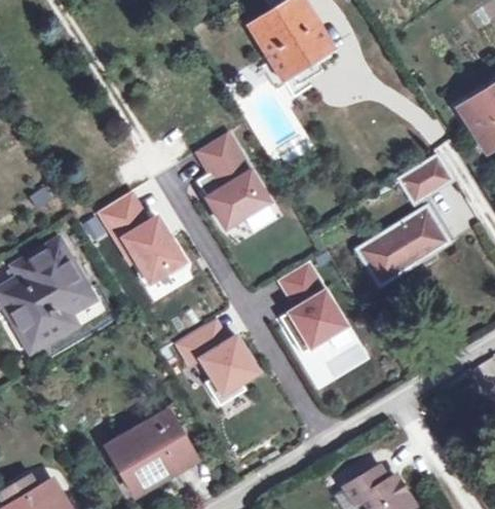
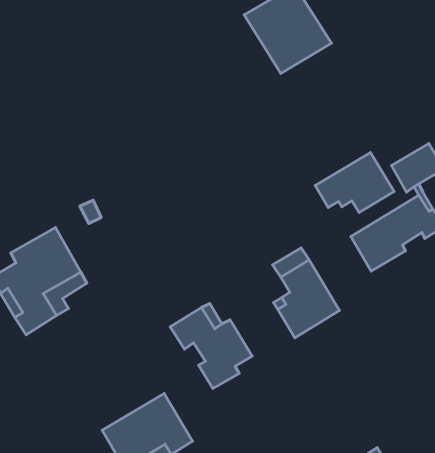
building: [197,133,268,227] -> none
building: none -> [315,153,394,212]
building: [100,193,184,281] -> none

